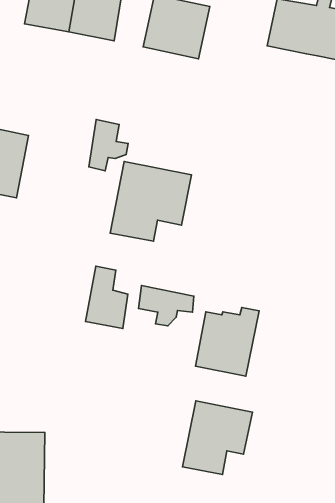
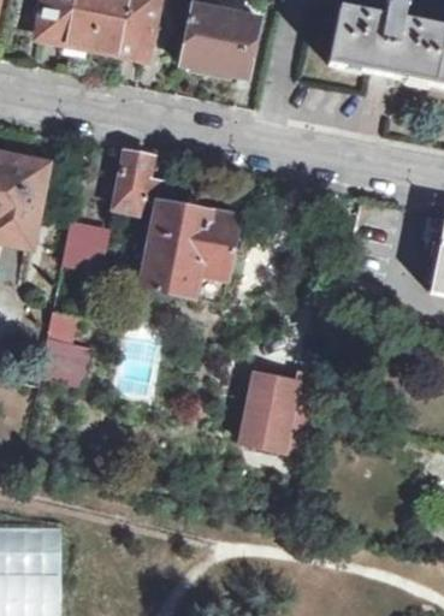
building: none -> [61,224,109,271]
building: [86,266,128,329] -> [41,309,91,384]
building: [139,286,194,326] -> none
building: [183,401,252,475] -> none

